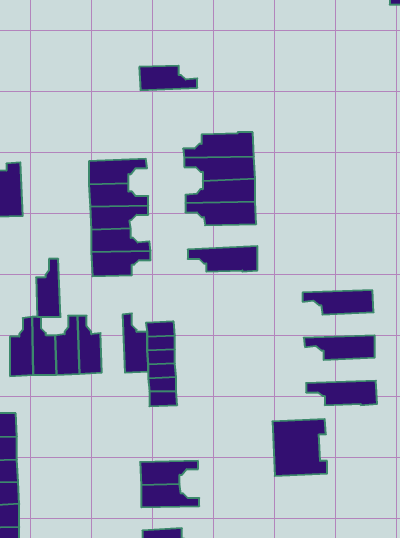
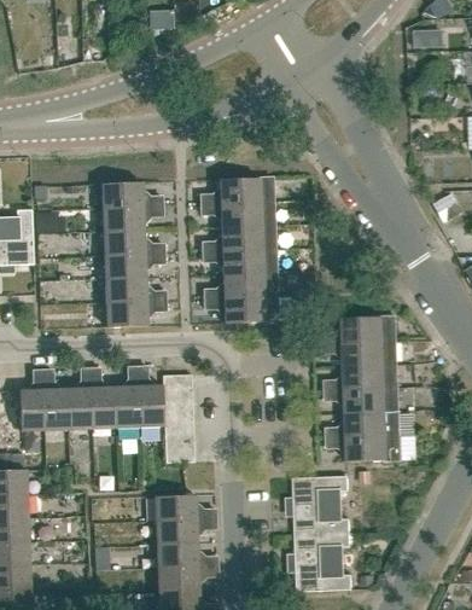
building: [139,66,197,90] -> [100,182,161,208]
building: none -> [203,273,276,300]
building: [36,259,61,317] -> [113,367,139,428]
building: none -> [324,316,396,344]
building: none -> [325,365,398,391]
building: none -> [326,412,400,438]
building: none -> [153,495,215,521]
building: none -> [295,533,351,592]
building: none -> [156,567,217,592]

